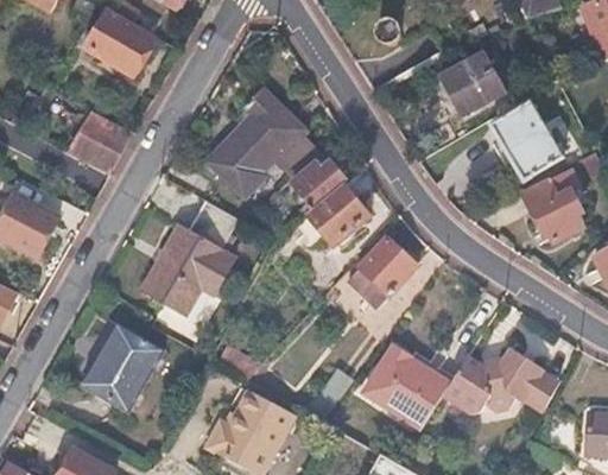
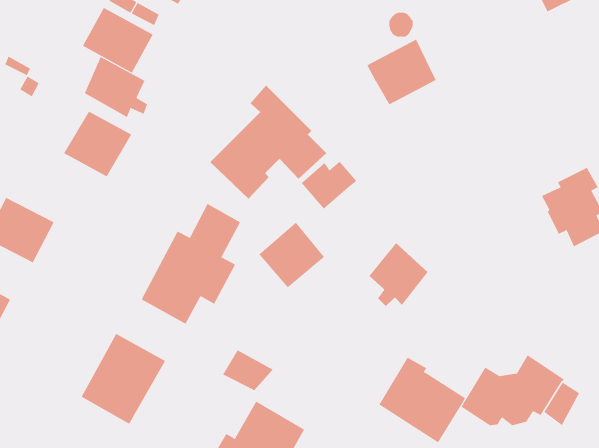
building: [436,51,502,114] -> [366,39,436,105]
building: none -> [84,56,148,118]
building: [489,107,547,177] -> none
building: [305,183,368,246] -> [259,222,325,288]

